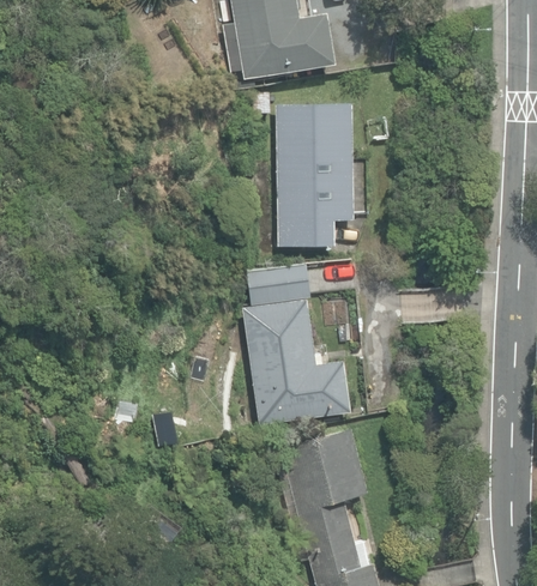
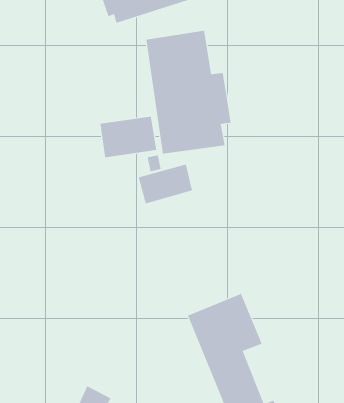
building: none -> [100,116,157,158]
building: [241,297,349,423] -> none

